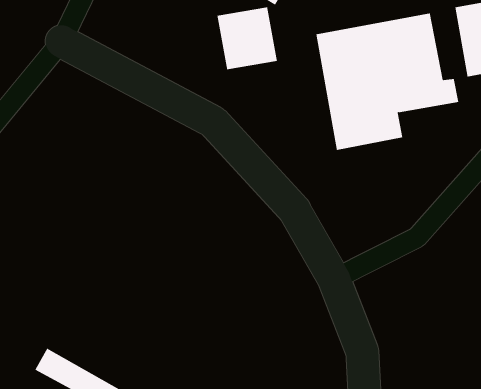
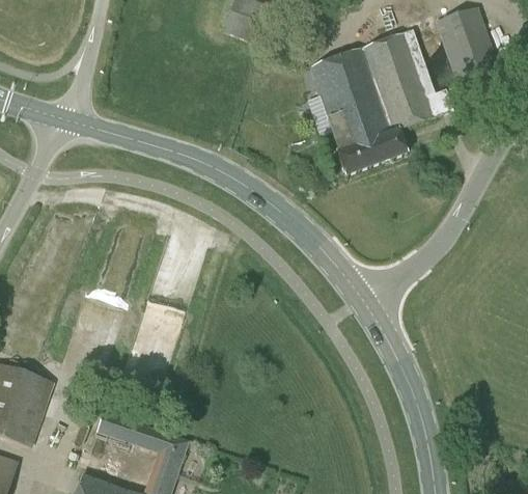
building: [217,6,278,70] -> none

